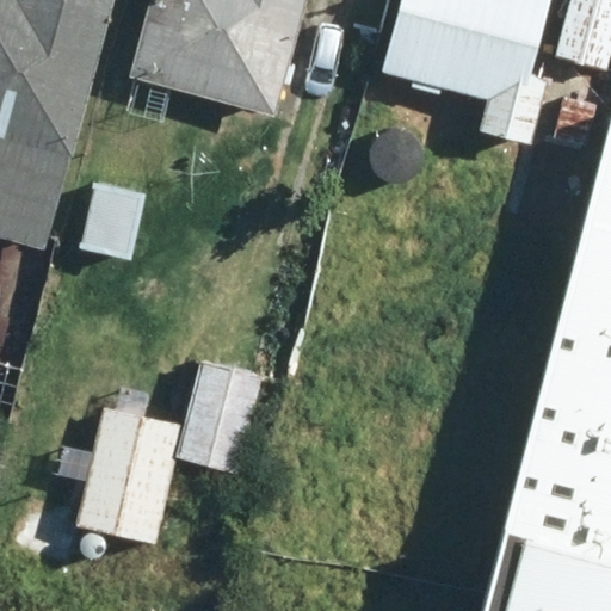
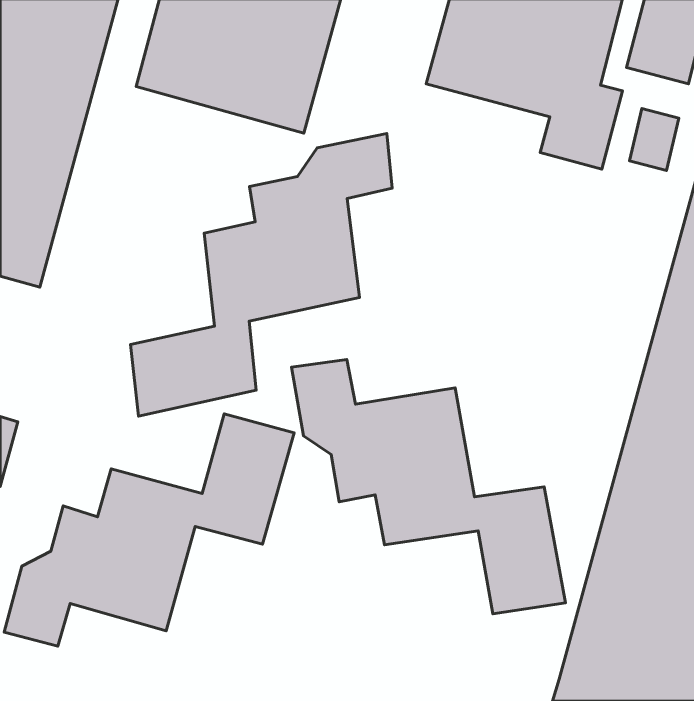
building: none -> [130,133,392,416]
building: none -> [292,360,566,614]

